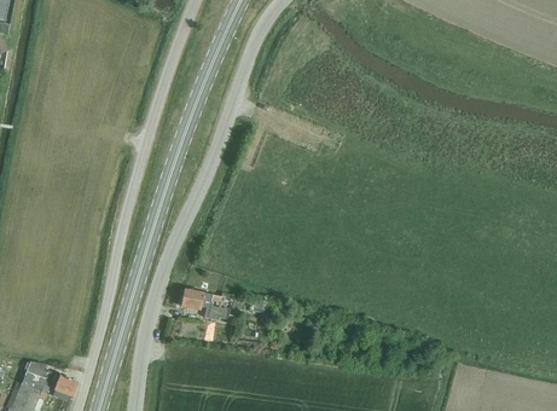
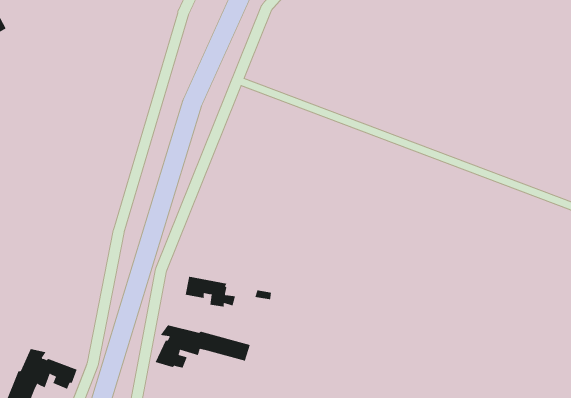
building: none -> [155,324,251,369]

